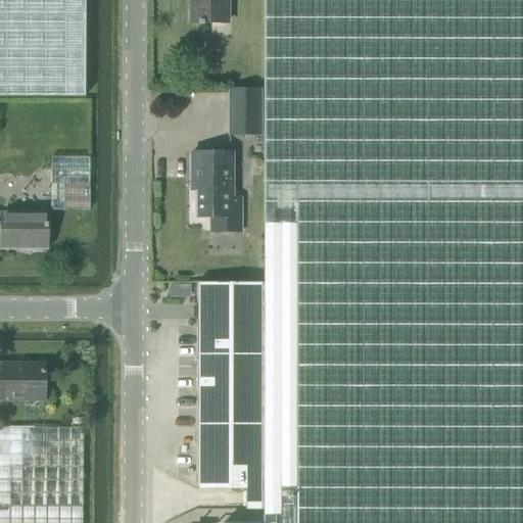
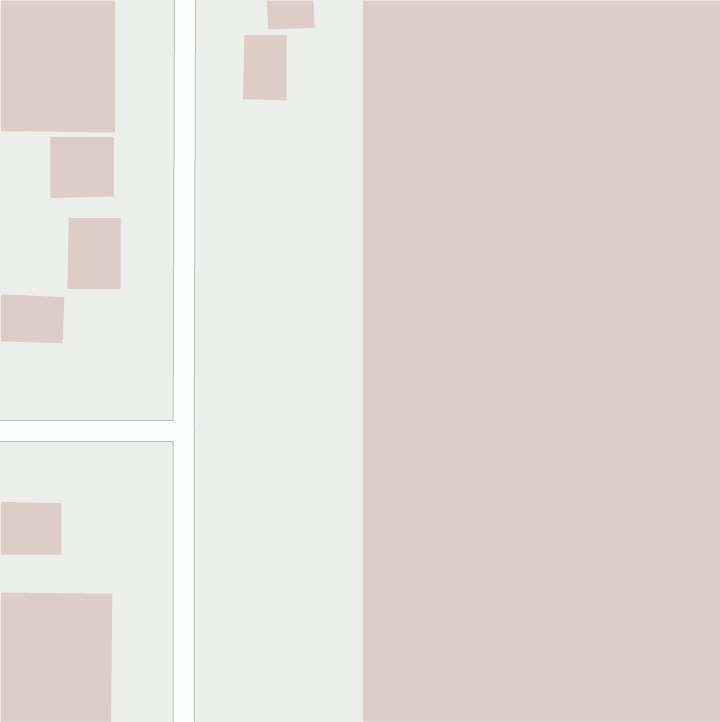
building: [229,88,262,136] -> [242,34,287,101]
building: none -> [50,136,114,199]
building: [191,154,243,233] -> none
building: [198,283,264,509] -> none

